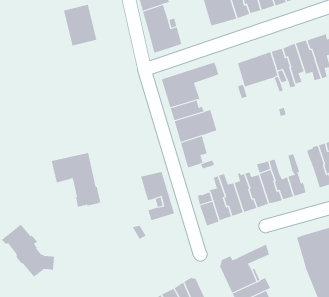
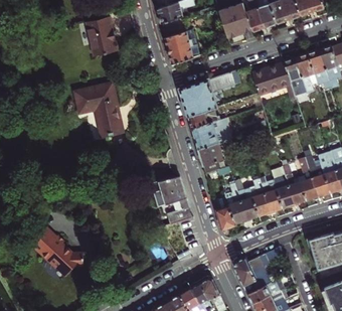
building: none -> [304,150,330,197]
building: [51,153,101,207] -> [75,85,124,137]

